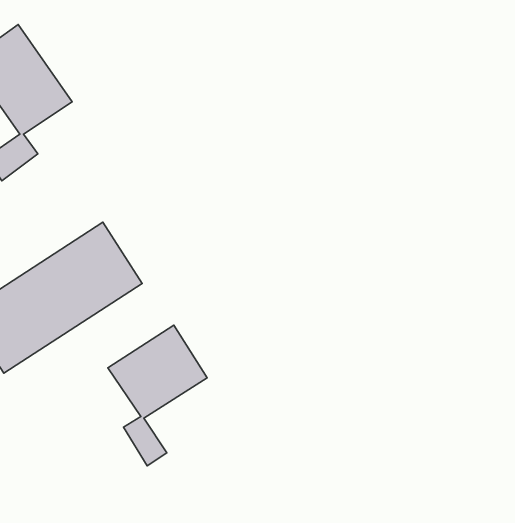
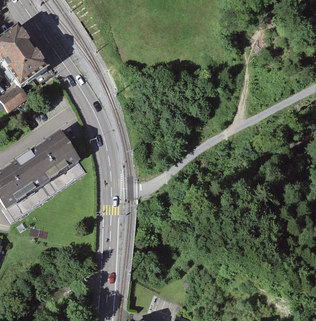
building: [108,325,207,466] -> none

